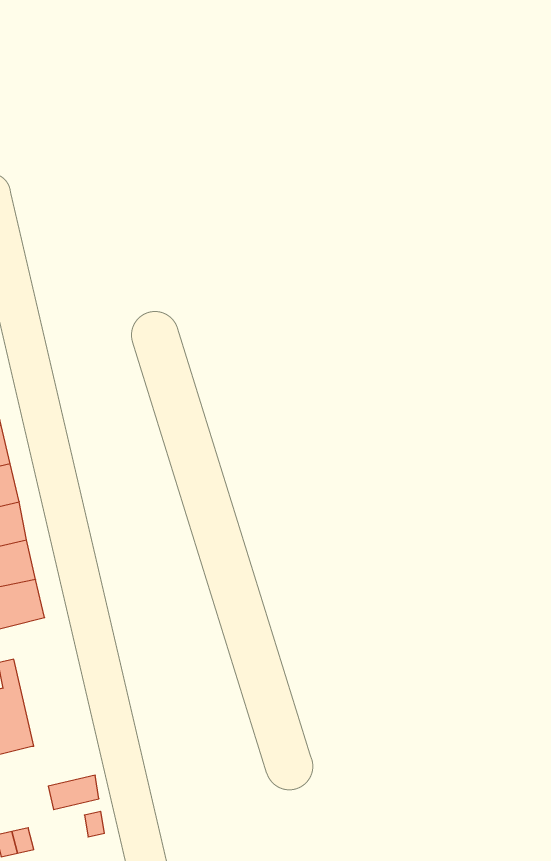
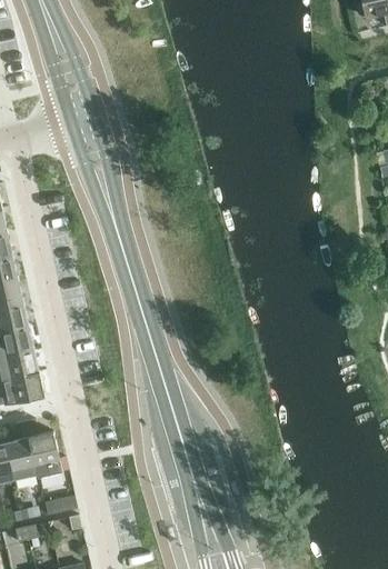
building: none -> [26,419,62,477]

